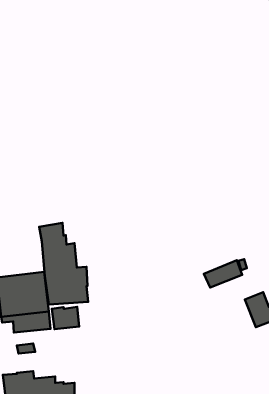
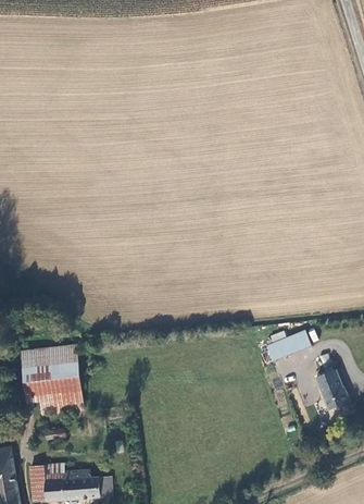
building: [39,223,88,304] -> none
building: [52,307,79,329] -> none

